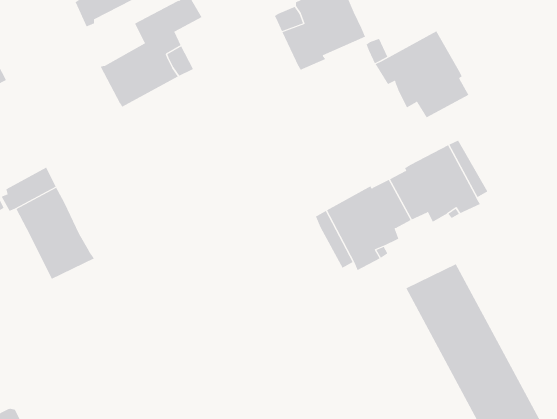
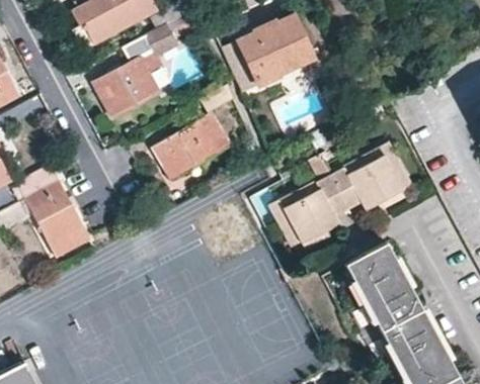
building: [375,30,469,118] -> none
building: none -> [153,112,230,179]

